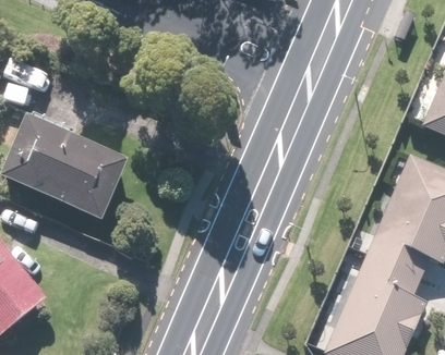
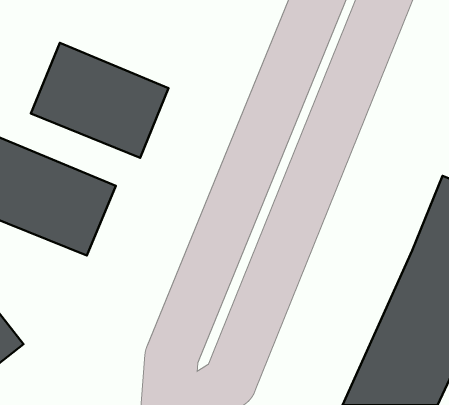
building: none -> [31,43,168,158]

